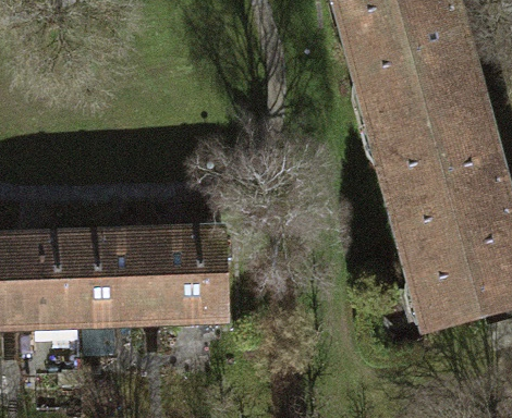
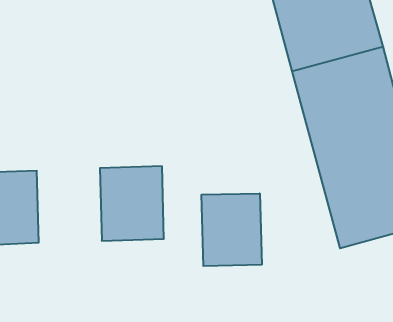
building: [78,236,154,322] -> none
building: none -> [202,193,262,266]

